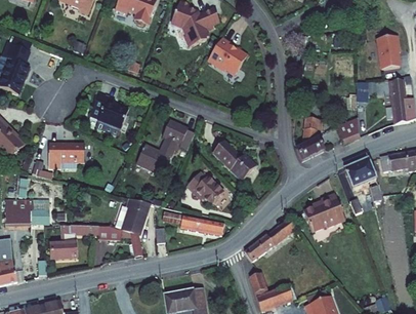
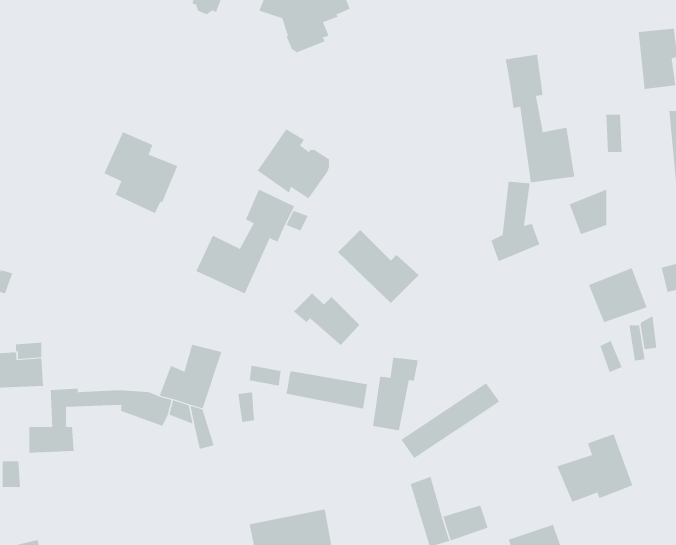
building: [207,36,246,74] -> [257,128,330,199]
building: none -> [505,54,575,183]
building: [46,141,83,166] -> none
building: [304,193,345,230] -> [557,434,633,503]
building: none -> [372,357,419,431]

